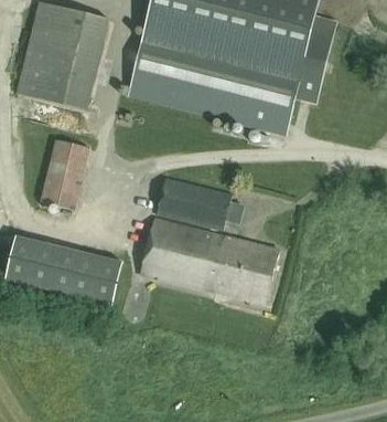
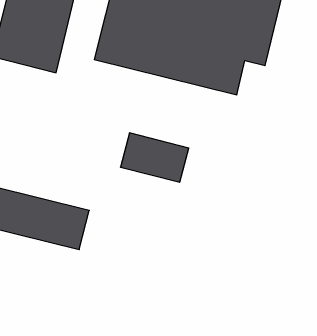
building: [40,139,90,209] -> none
building: [141,218,279,303] -> none

